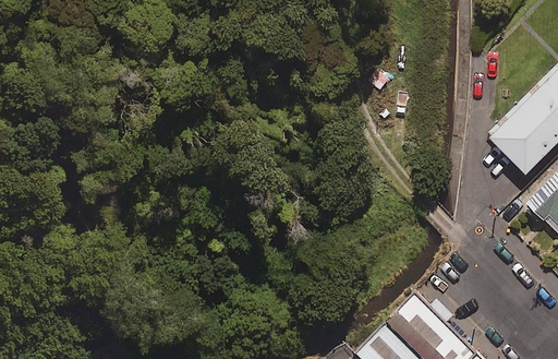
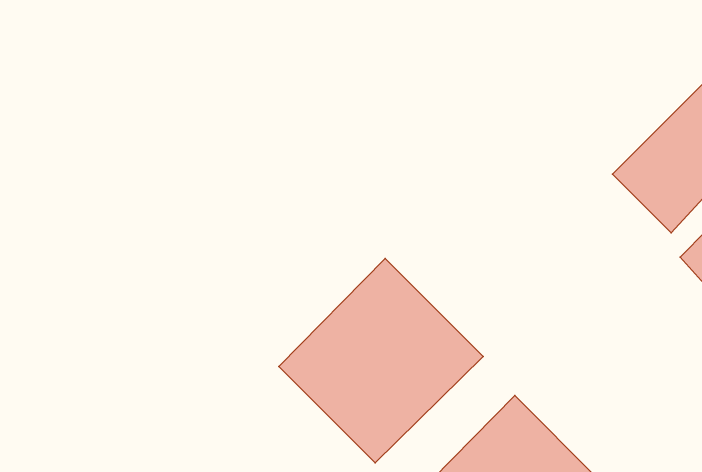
building: none -> [279,258,483,463]

